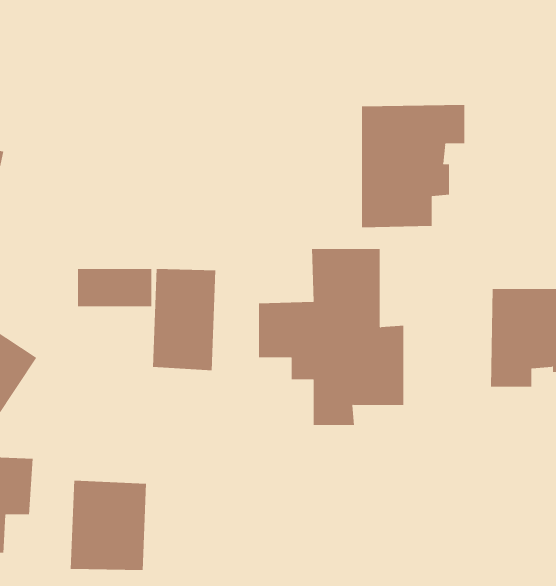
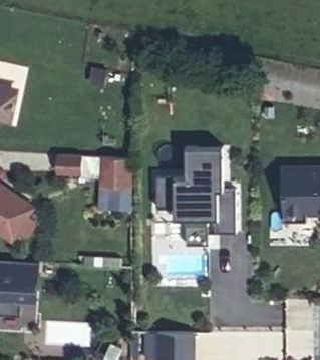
building: [362,104,465,228] -> none
building: [70,480,146,571] -> none

